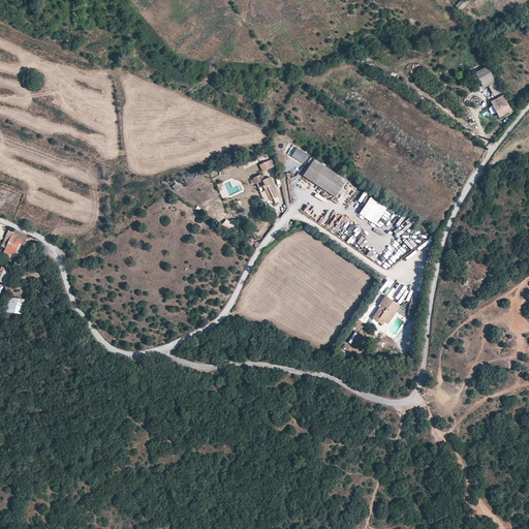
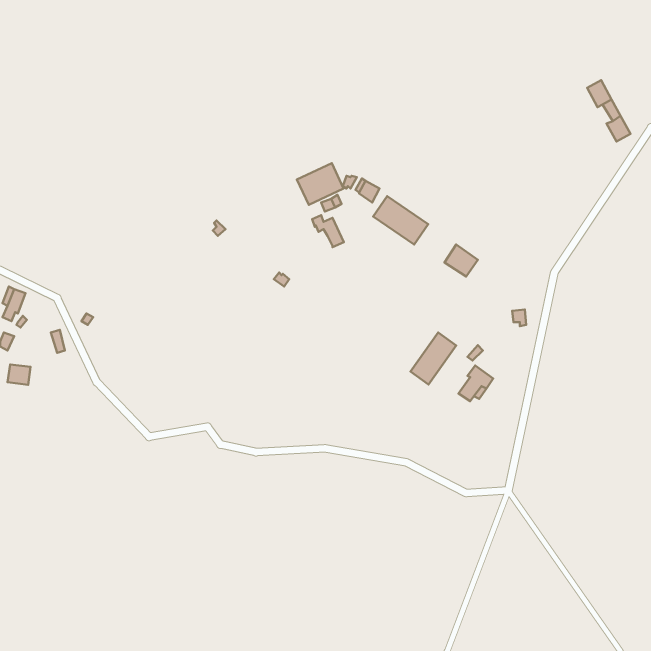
building: none -> [297,163,344,205]
building: none -> [410,333,456,384]

